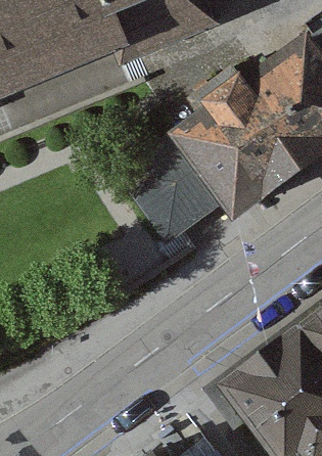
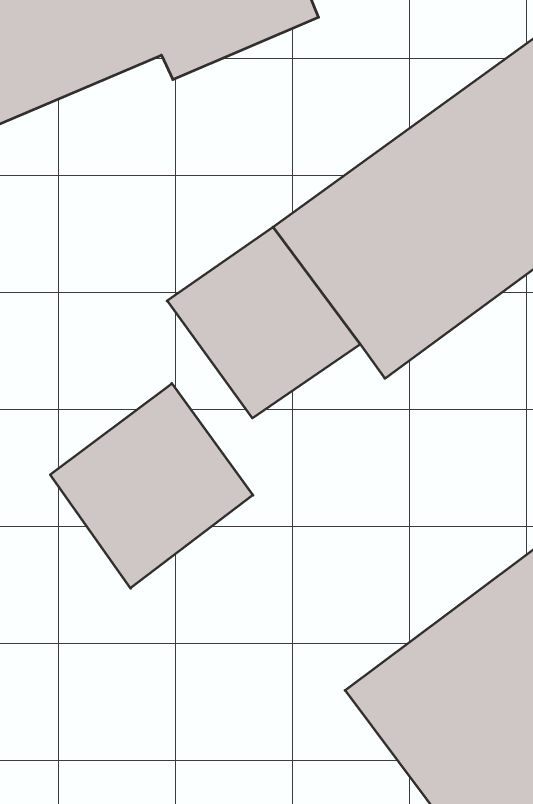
building: none -> [50,383,253,588]

